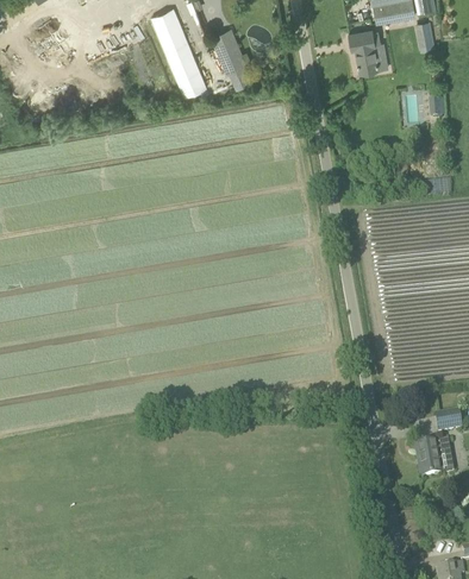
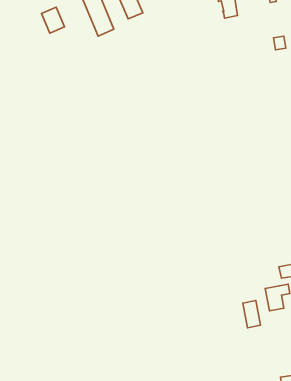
building: none -> [42,7,64,33]
building: none -> [243,300,260,328]

